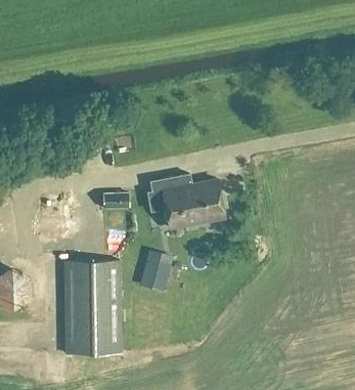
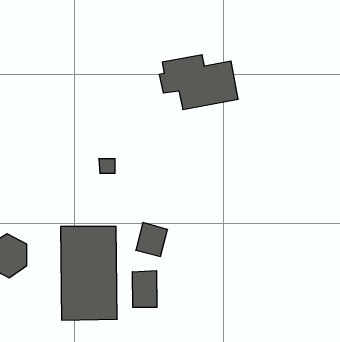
building: [146,174,225,228] -> [159,55,238,109]
building: none -> [132,271,157,307]

